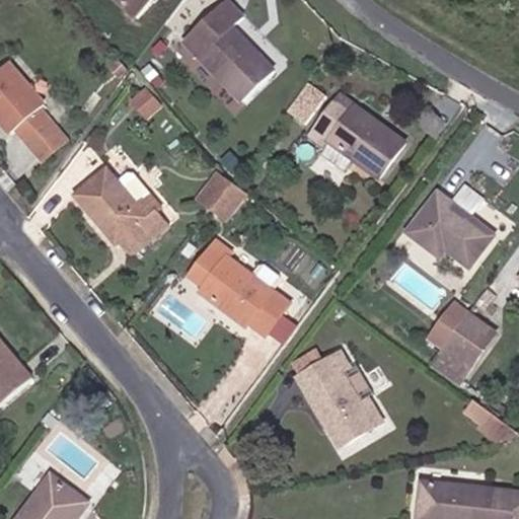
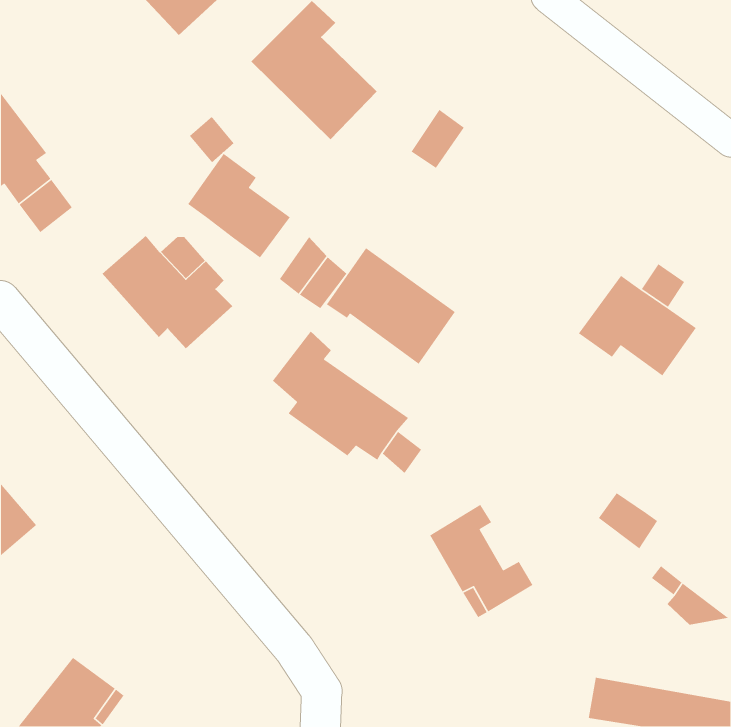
building: [309,103,401,187] -> [326,247,456,365]
building: none -> [187,153,291,259]
building: [437,311,486,363] -> none

